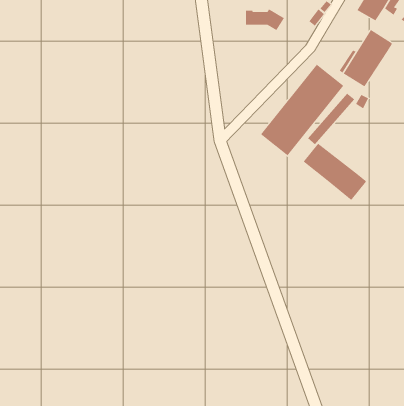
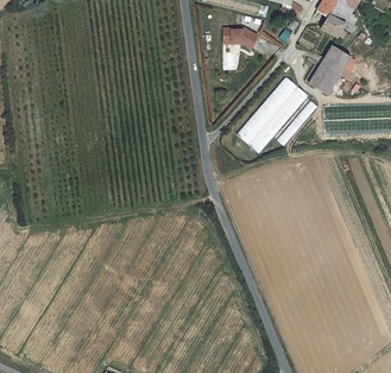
building: [303,143,367,201] -> none

